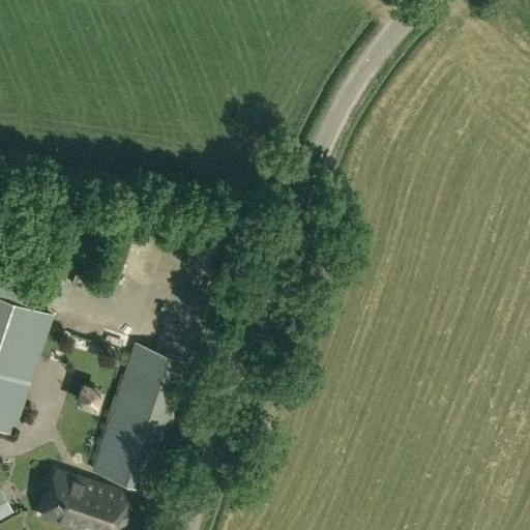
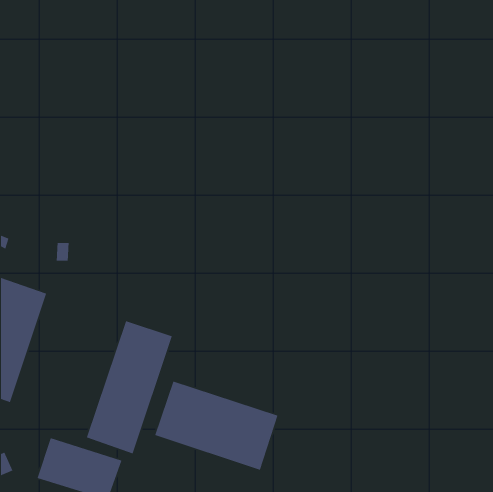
building: none -> [154,380,279,471]

